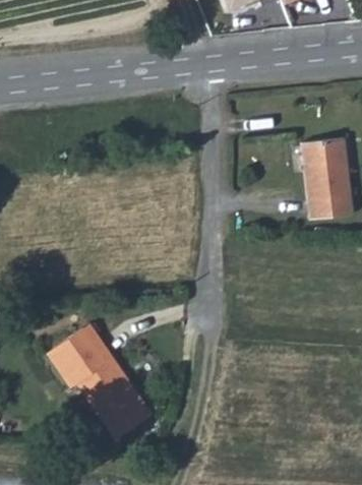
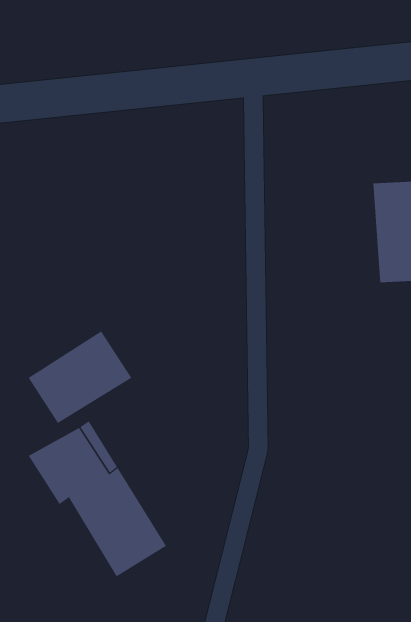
building: none -> [28,331,132,424]

